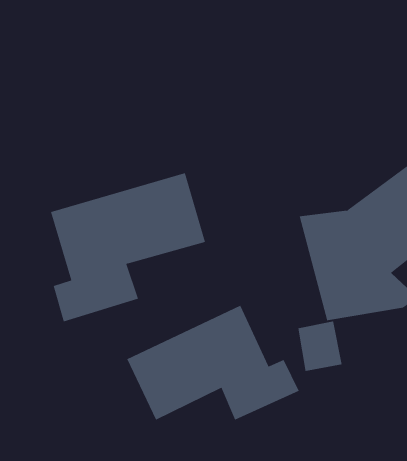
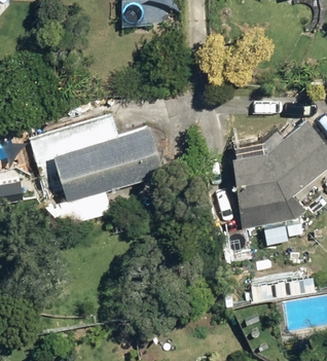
building: [127,305,299,421] -> none

